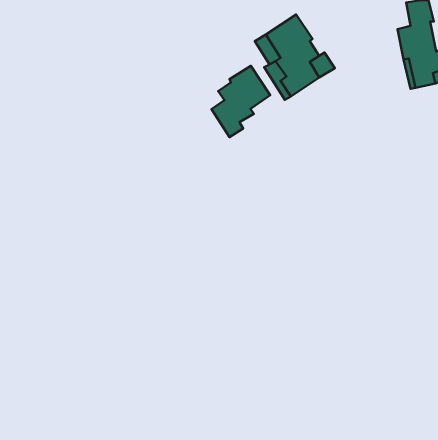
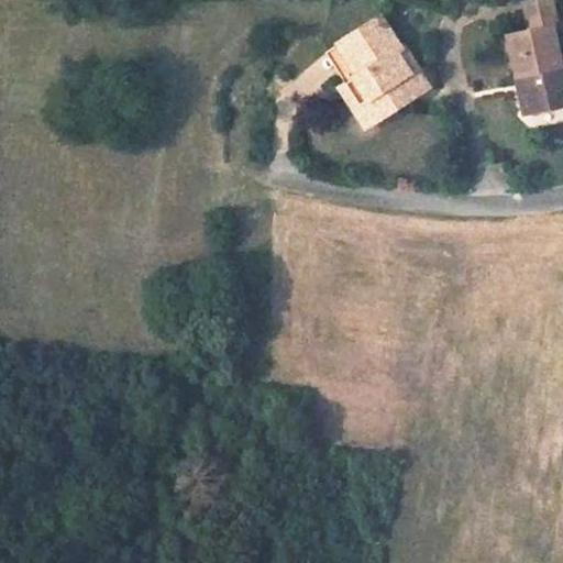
building: [211,66,270,137] -> none

